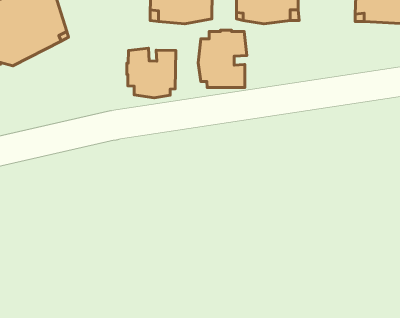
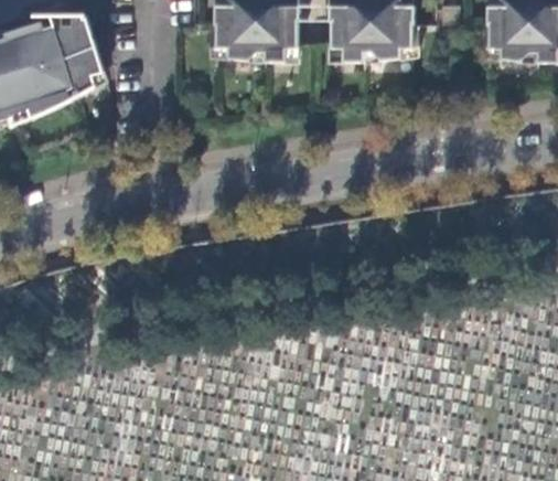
building: [198,30,247,88] -> none
building: [127,48,176,98] -> none

